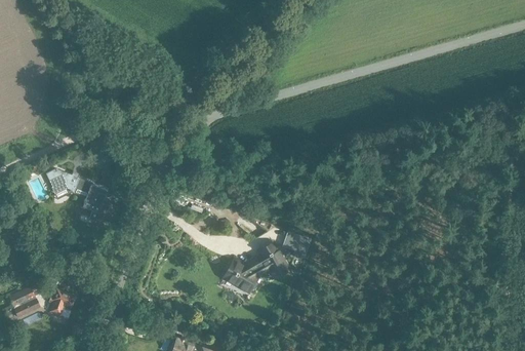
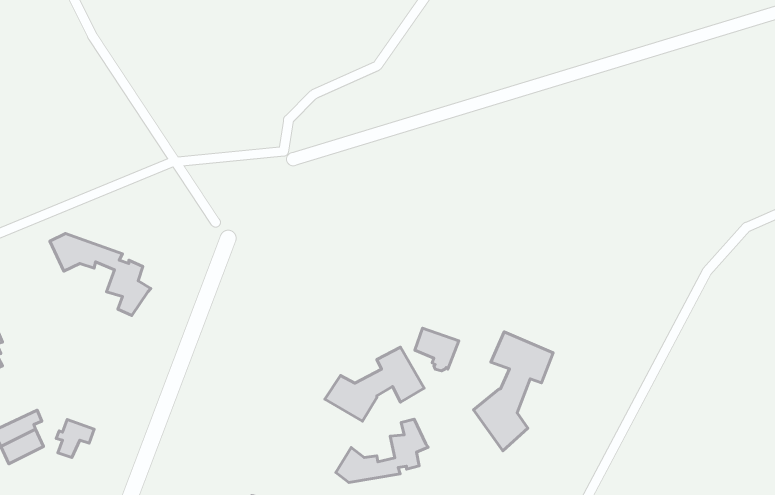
building: none -> [474,332,553,451]
building: none -> [336,419,428,482]

